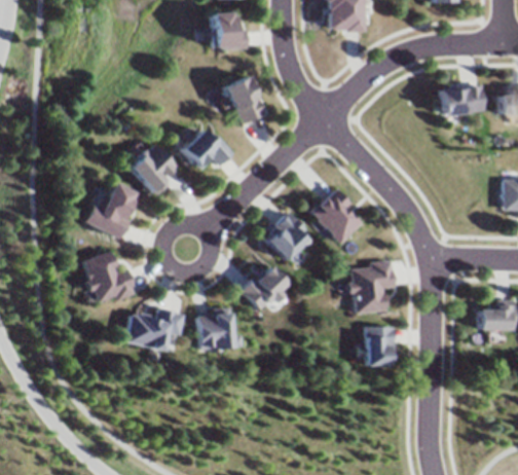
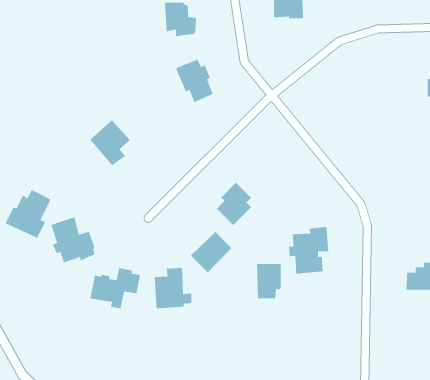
building: [441,84,484,113] -> none
building: [182,129,232,169] -> none
building: [84,183,136,238] -> [5,189,52,239]
building: [312,187,362,242] -> none
building: [364,325,392,364] -> [256,264,281,299]

